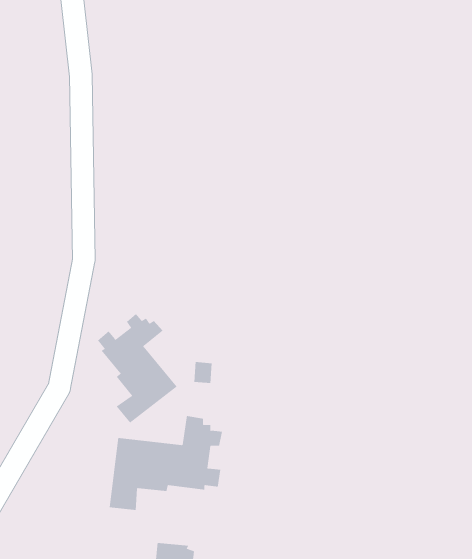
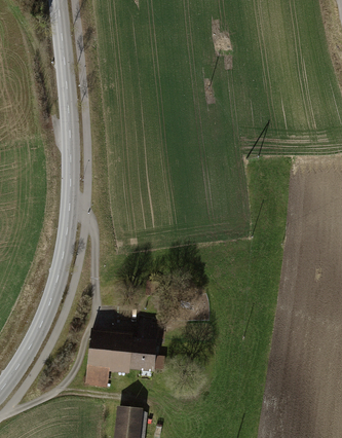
building: [97,313,178,424] -> none

